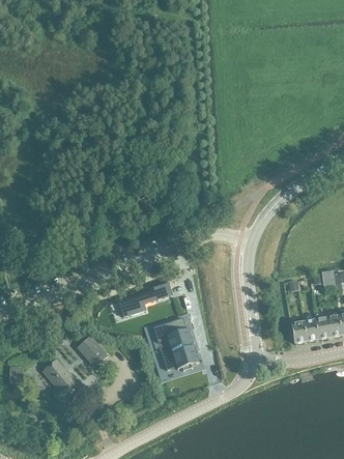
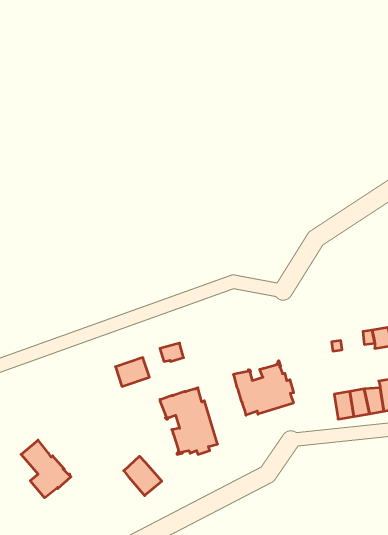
building: none -> [233,361,294,415]
building: [78,336,108,367] -> [124,456,162,496]

